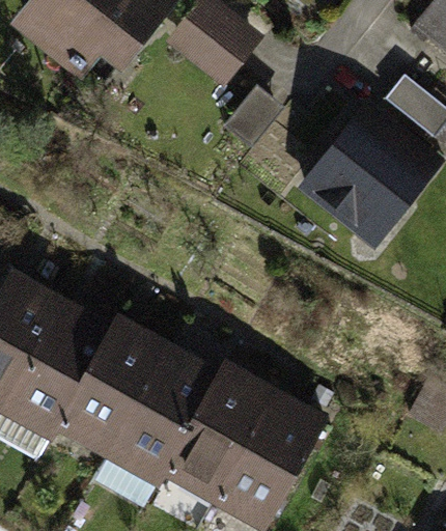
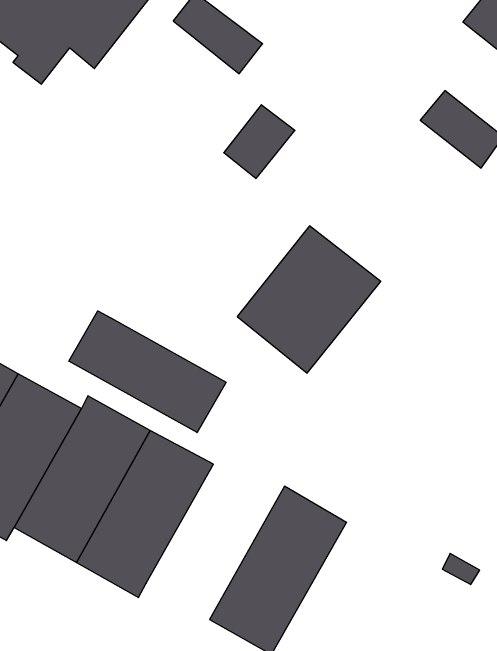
building: [307,116,422,234] -> [237,226,381,373]
building: none -> [69,311,226,433]
building: [162,368,273,503] -> none

